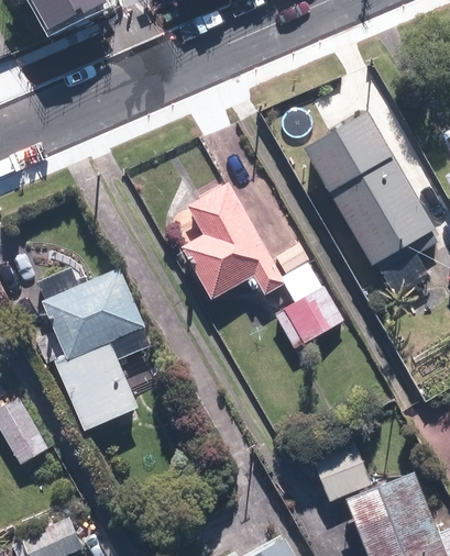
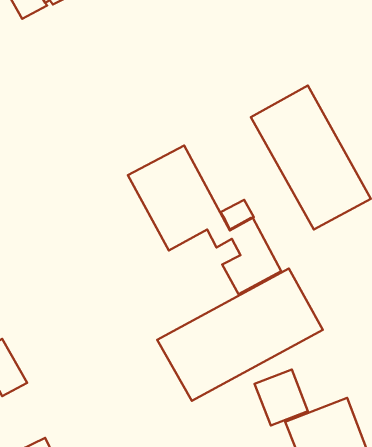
building: [33,267,147,432] -> none
building: none -> [157,268,323,401]

